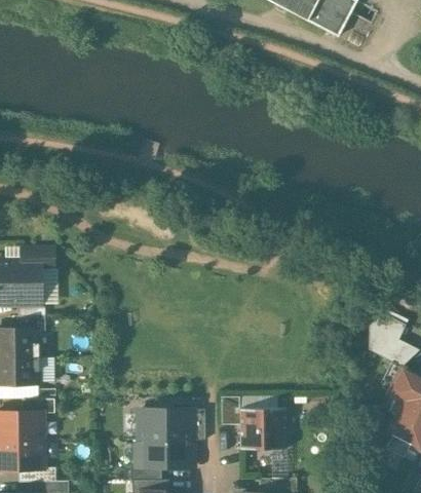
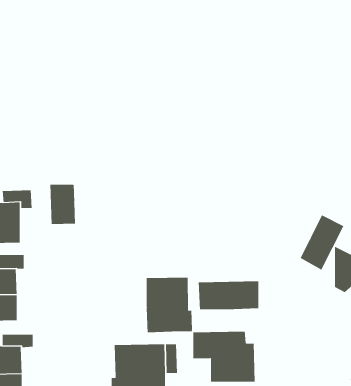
building: none -> [50,184,75,225]
building: none -> [300,215,344,271]
building: none -> [146,277,193,333]
building: none -> [198,281,259,310]

